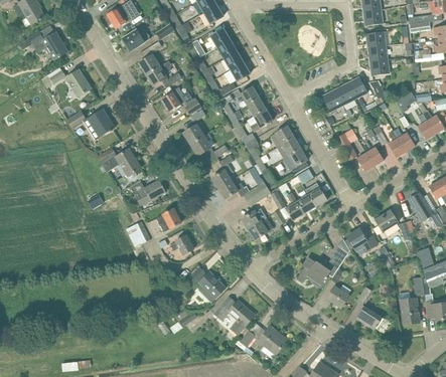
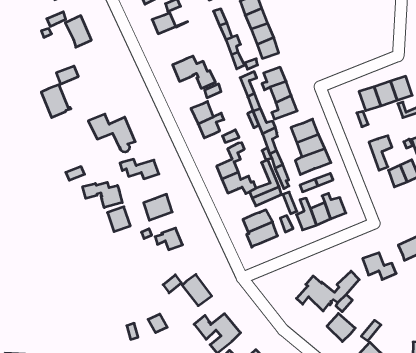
building: [145,59,181,86] -> none
building: [88,108,115,137] -> [41,84,71,118]
building: none -> [83,182,122,208]

